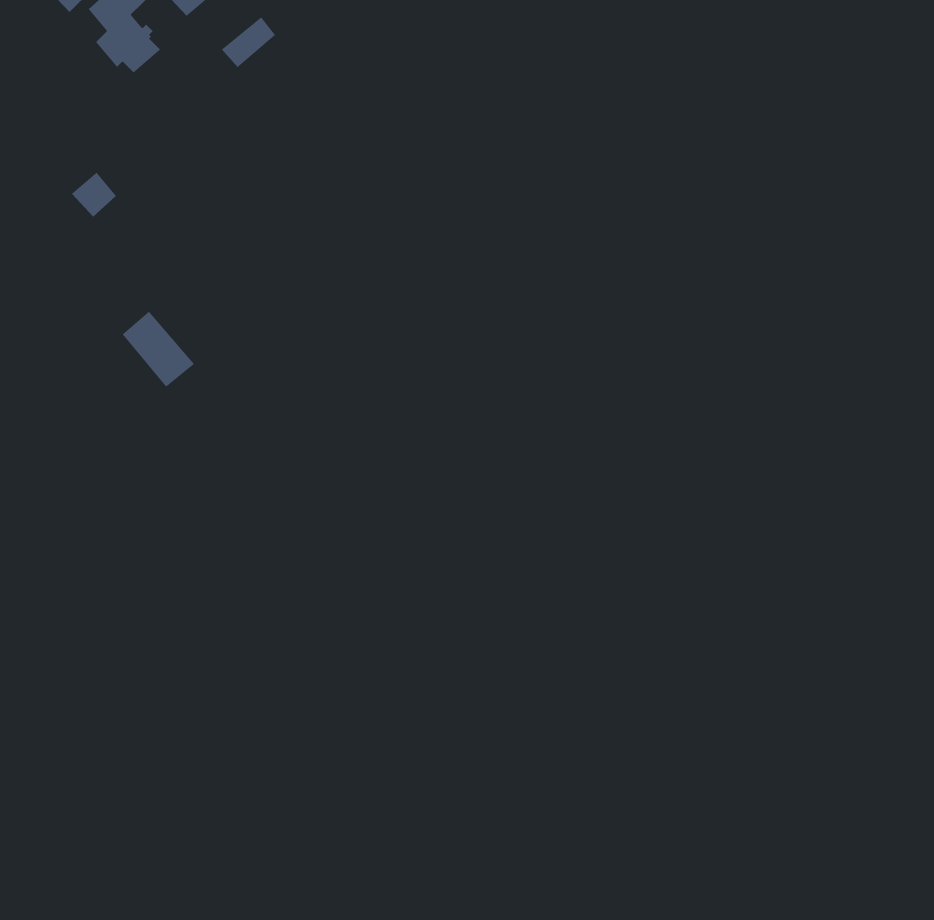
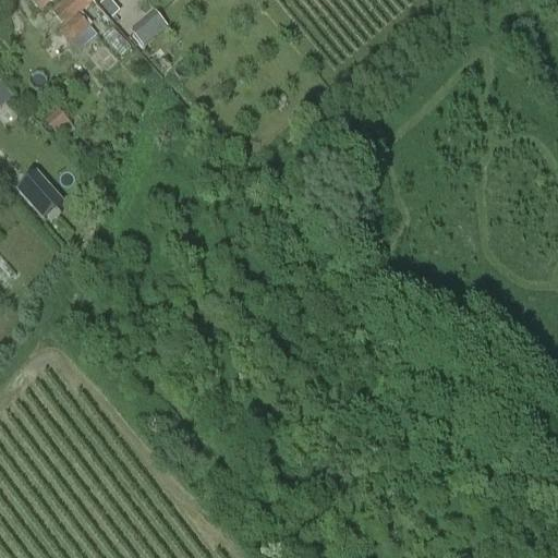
building: [122,311,195,388] -> [19,169,62,215]

